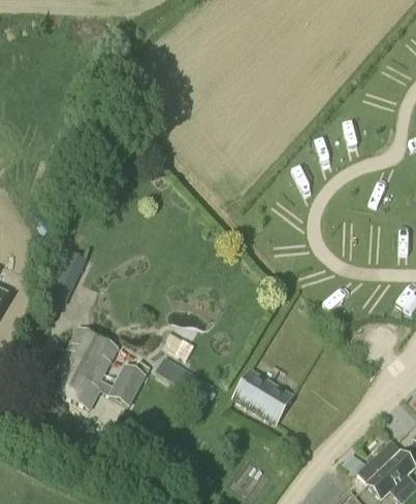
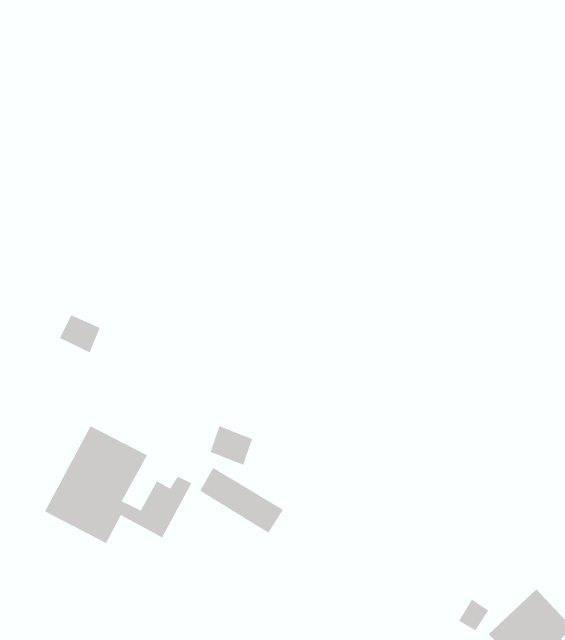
building: [231,367,294,425] -> none

